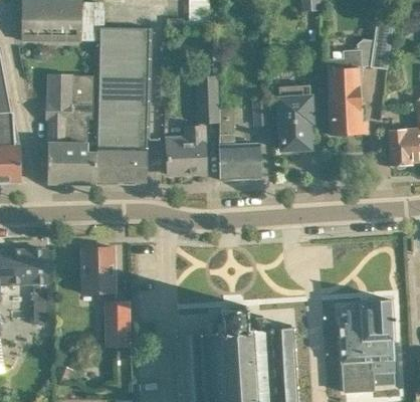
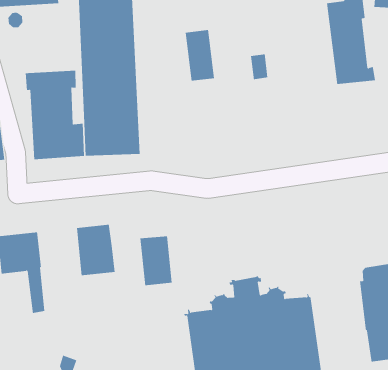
building: [48,75,92,104] -> none
building: [271,84,310,149] -> none
building: [219,108,259,180] -> none
building: [166,127,205,174] -> none
building: [103,301,131,346] -> [140,236,173,286]

